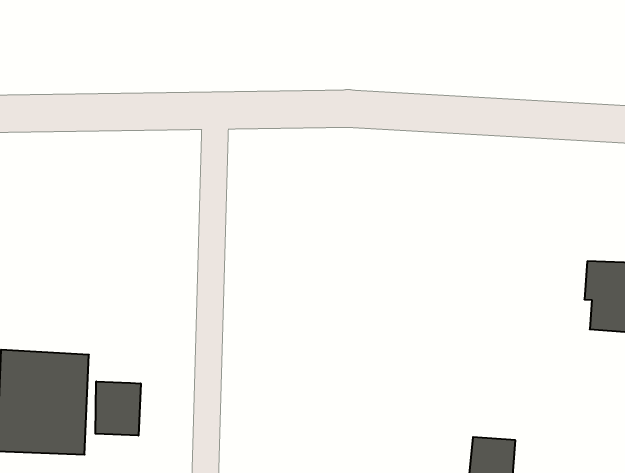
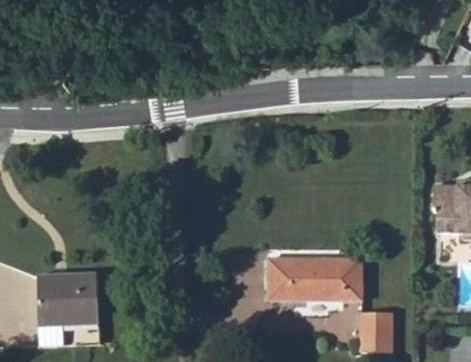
building: none -> [270,259,362,300]
building: [95,381,141,436] -> none

